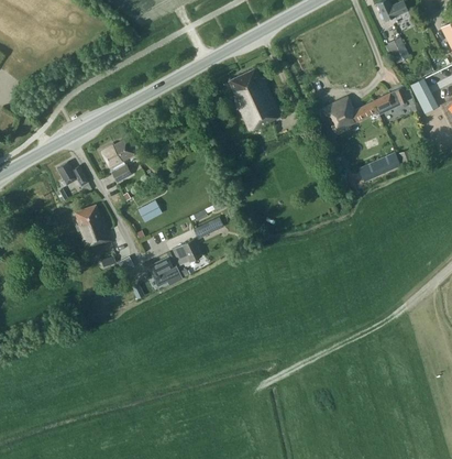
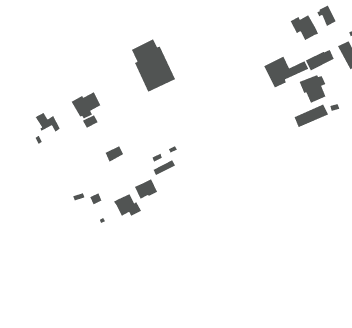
building: none -> [289,14,319,41]
building: [229,67,282,131] -> [131,38,176,93]
building: none -> [299,74,327,104]
building: [75,204,111,249] -> none

